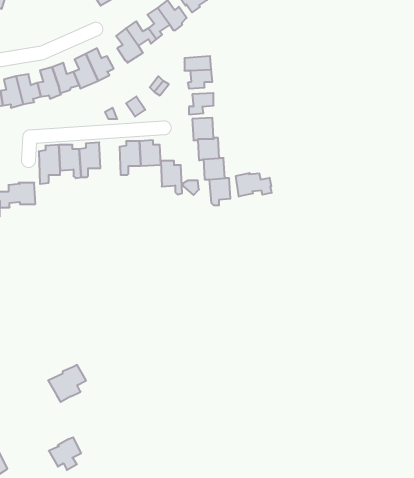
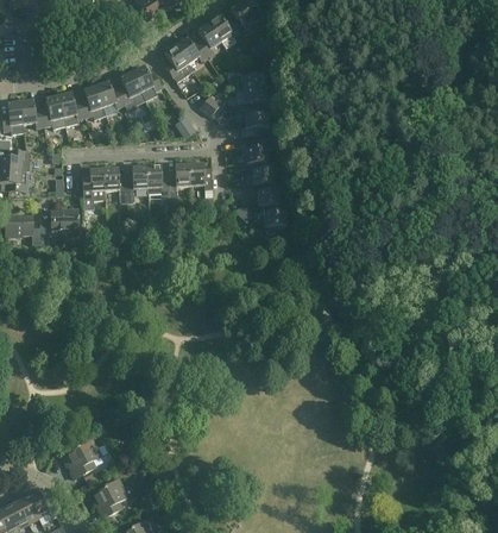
building: [161,161,182,194] -> [145,165,168,201]
building: [236,173,272,197] -> none
building: [48,365,86,402] -> [59,438,100,477]

